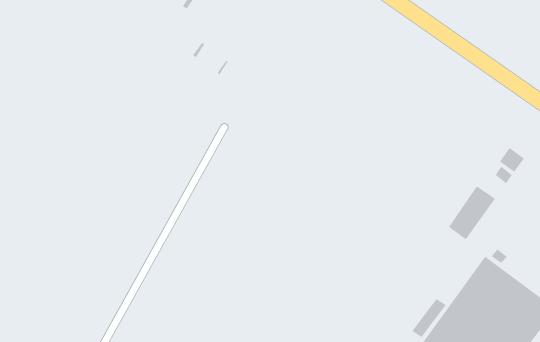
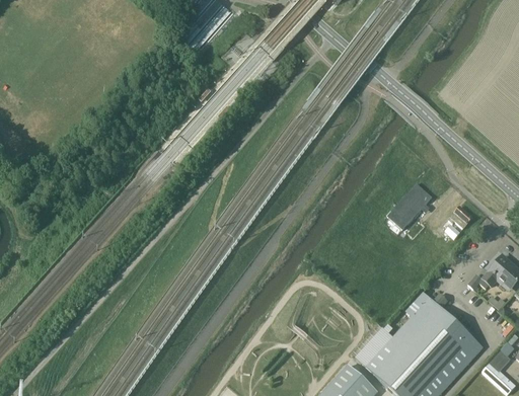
building: [448,186,496,240] -> [387,183,431,229]

